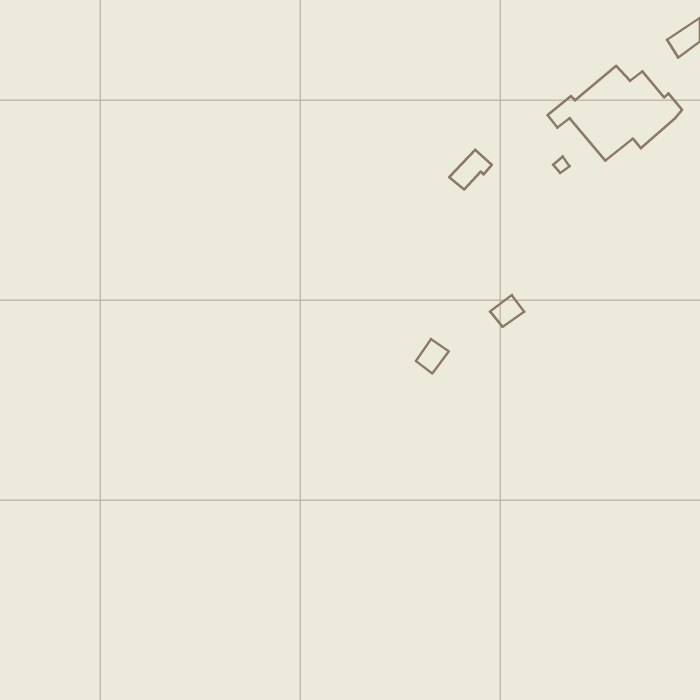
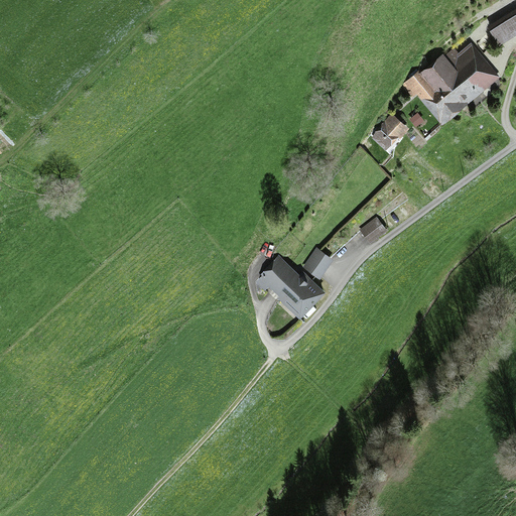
building: [449,150,492,189] -> [372,117,403,146]
building: none -> [262,258,322,312]

